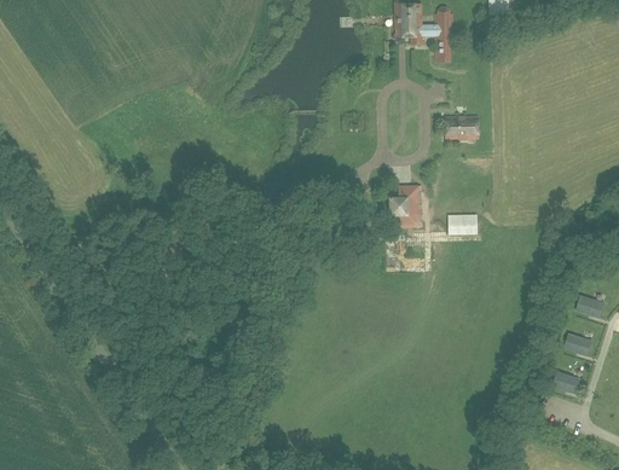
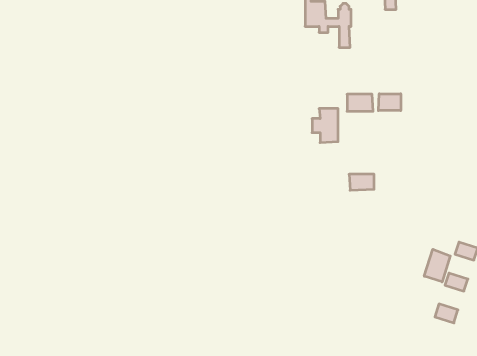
building: none -> [378,94,401,111]
building: [389,186,421,227] -> [312,109,338,143]
building: none -> [424,249,450,282]

